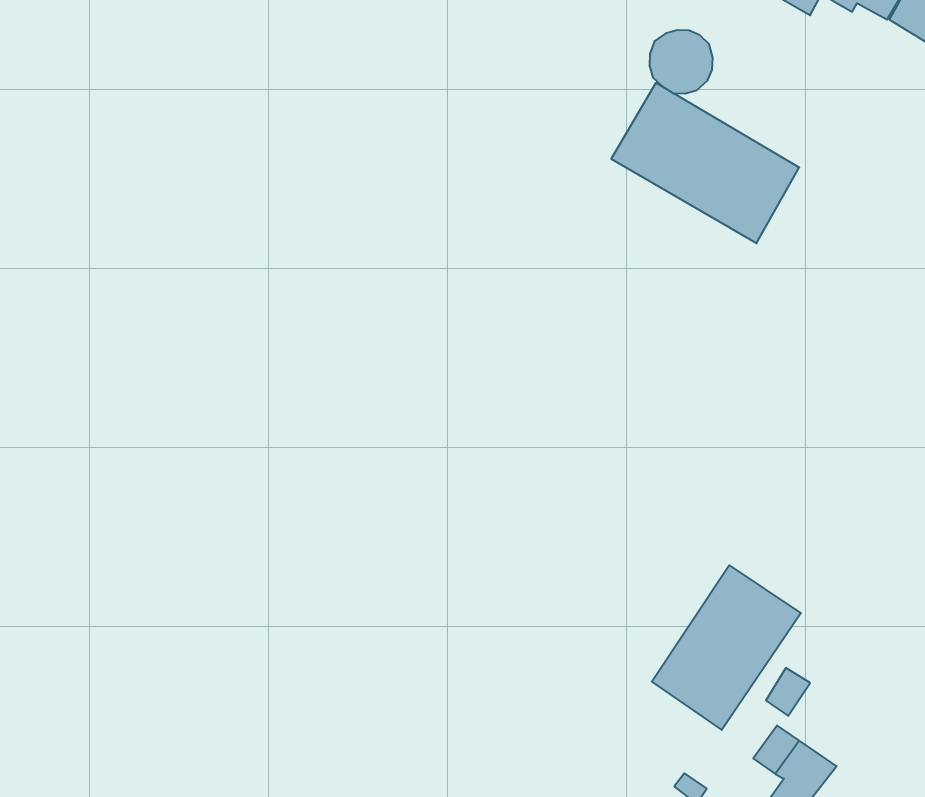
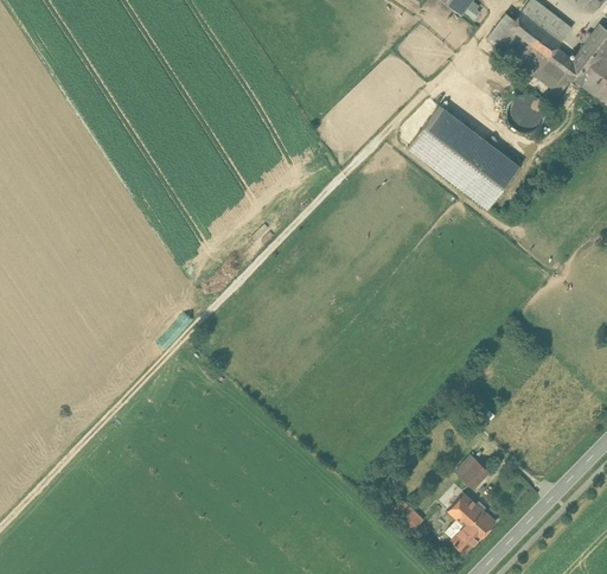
building: [649,30,713,93] -> [507,94,545,132]
building: [652,565,801,730] -> none

